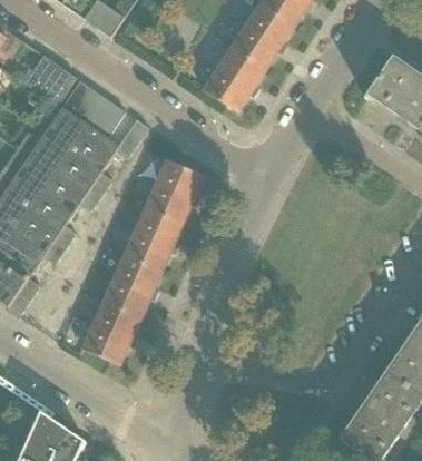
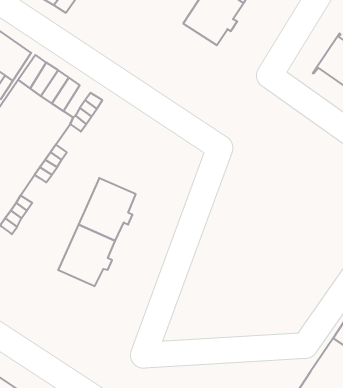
building: [203,47,266,112] -> none
building: [145,158,204,223] -> none
building: [82,301,140,365] -> none

